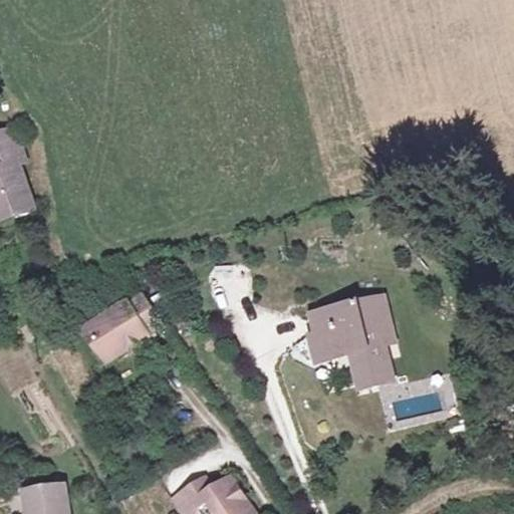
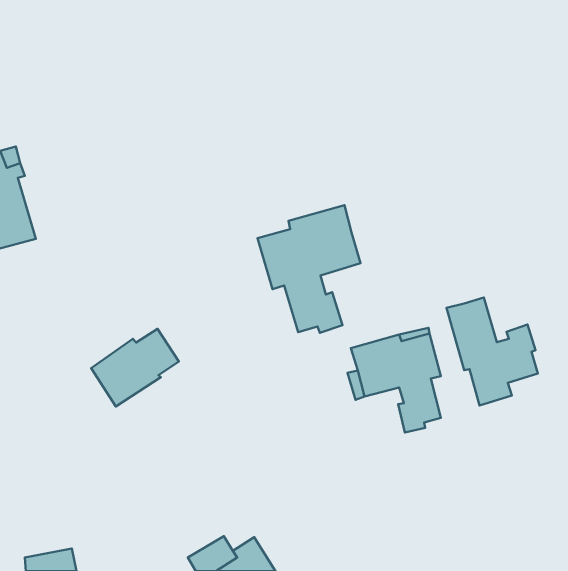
building: none -> [258,205,361,333]
building: none -> [447,298,538,405]

